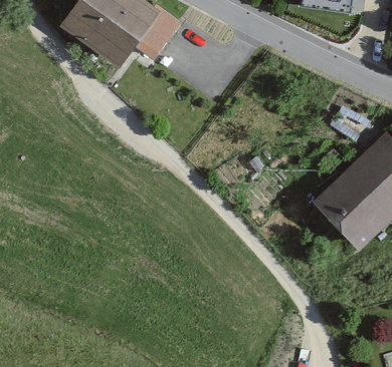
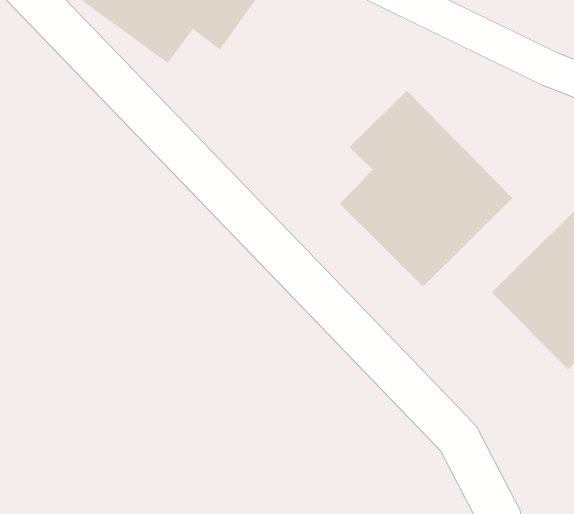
building: none -> [339,90,513,288]

